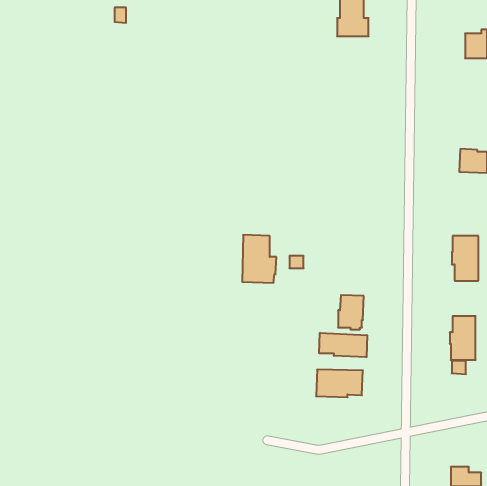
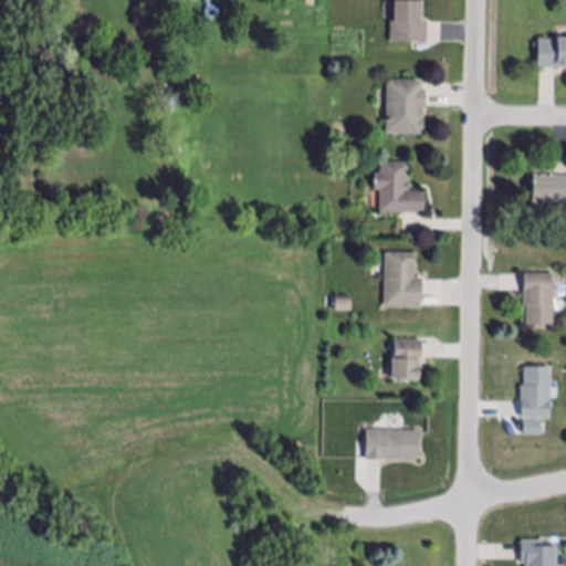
building: none -> [385,80,426,133]
building: none -> [375,161,423,211]
building: [242,235,276,283] -> [384,251,423,306]
building: [319,333,367,357] -> none

